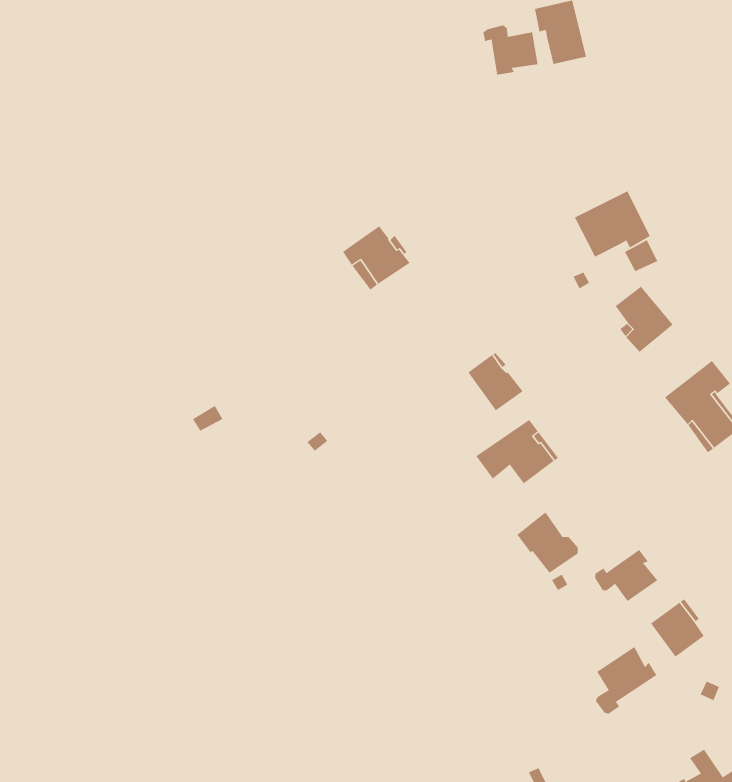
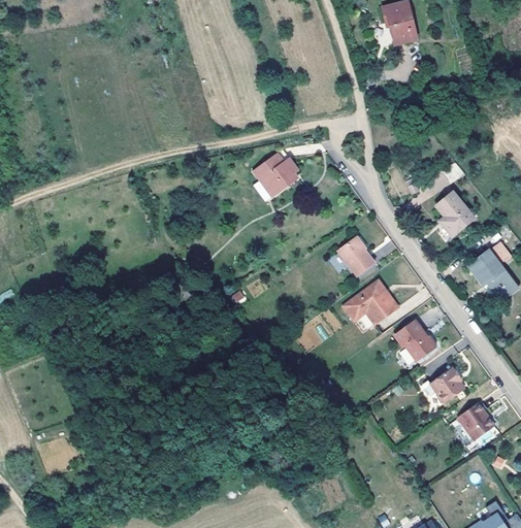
building: [483,25,538,76] -> none
building: [574,191,651,257] -> none
building: [517,512,578,574] -> [394,319,435,360]
building: [595,646,657,715] -> none

